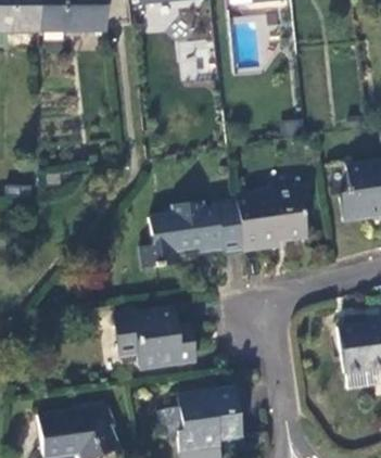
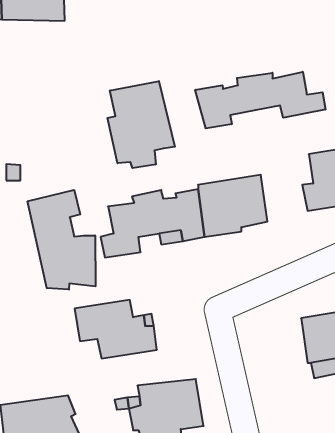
building: none -> [195,72,325,128]
building: none -> [107,81,175,168]
building: none -> [28,190,95,290]

